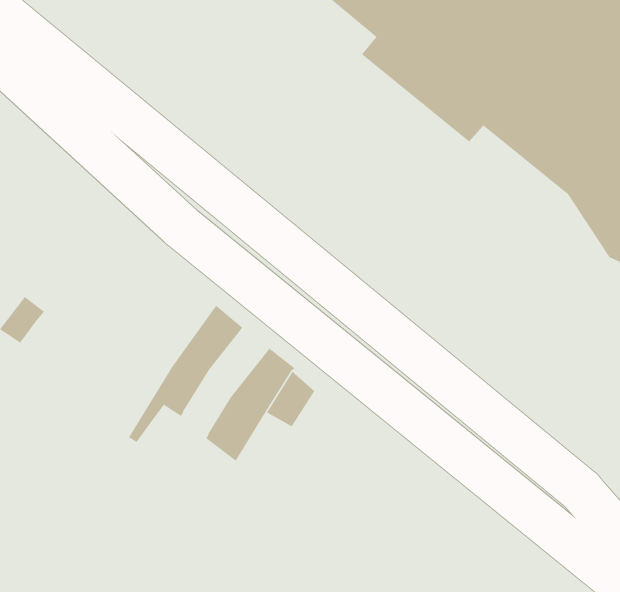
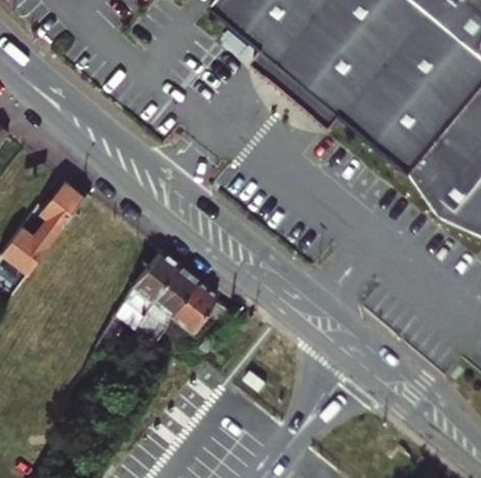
building: none -> [33,177,86,246]
building: none -> [139,265,200,338]

